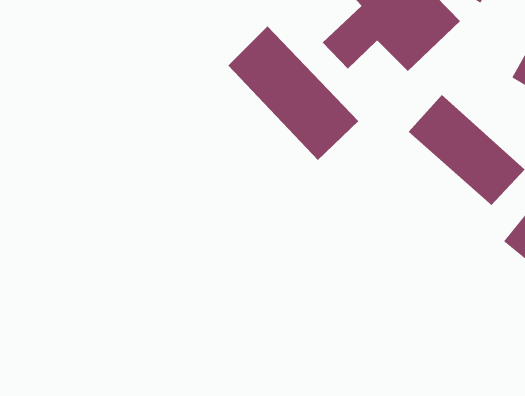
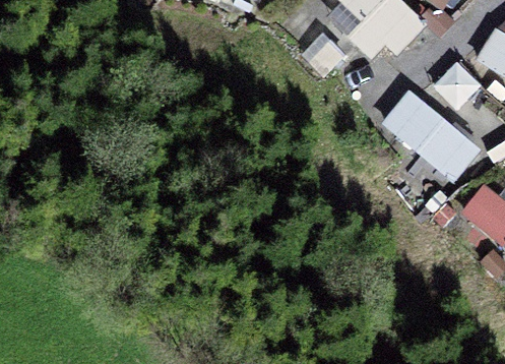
building: [228,26,359,161] -> none

